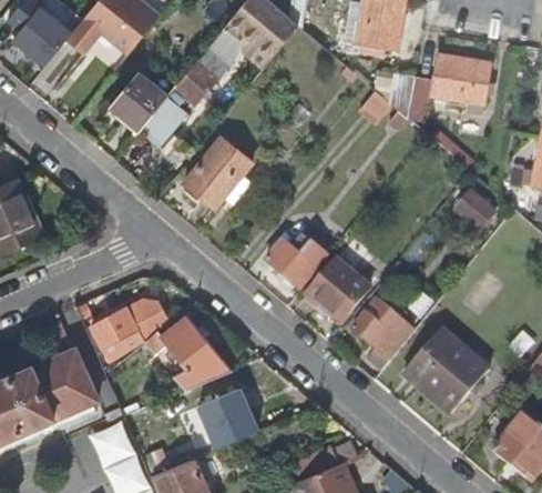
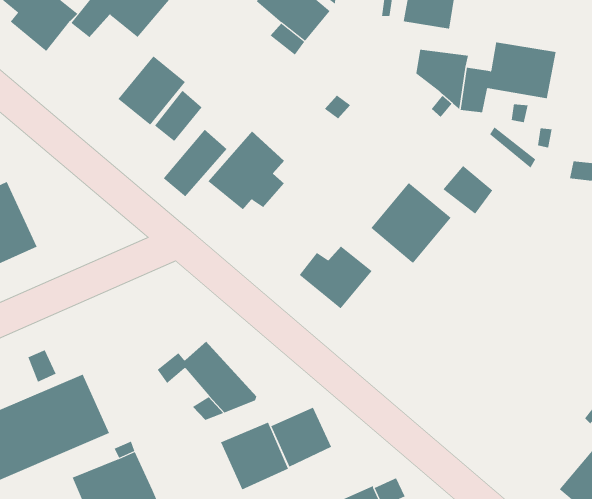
building: [175,47,232,107] -> [163,129,227,197]
building: [453,187,498,230] -> [442,165,493,215]
building: [304,252,375,323] -> [370,182,452,263]
building: [91,300,160,361] -> none
building: [354,308,409,365] -> none
building: [405,332,488,413] -> none
building: none -> [270,407,332,467]

